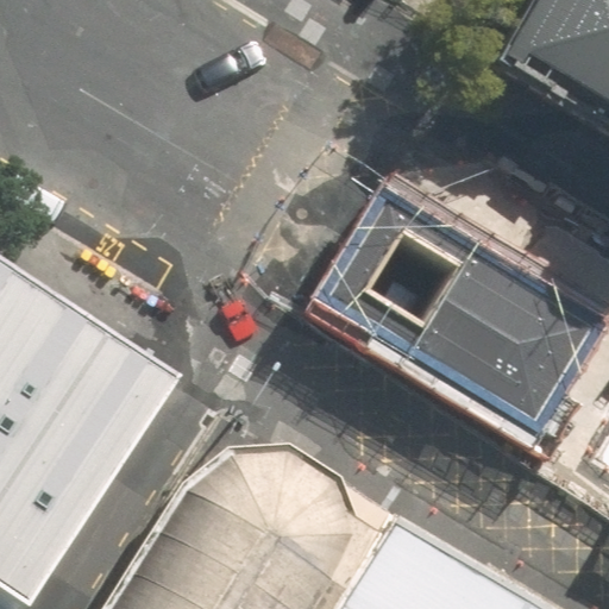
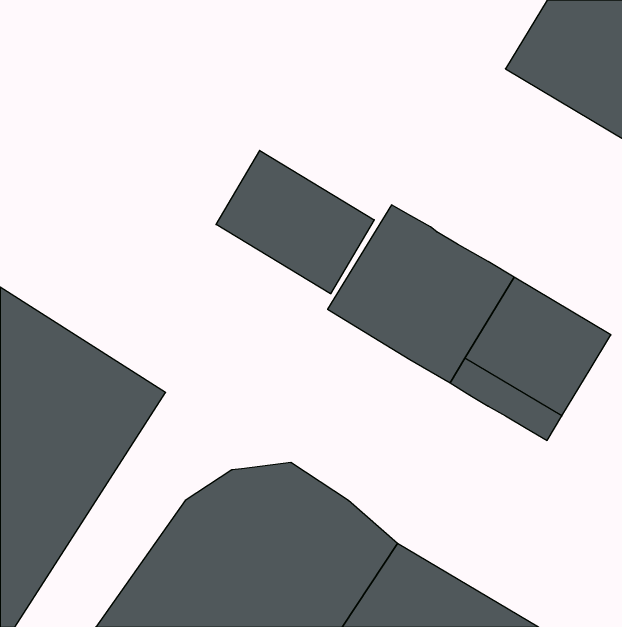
building: none -> [216,150,374,294]

